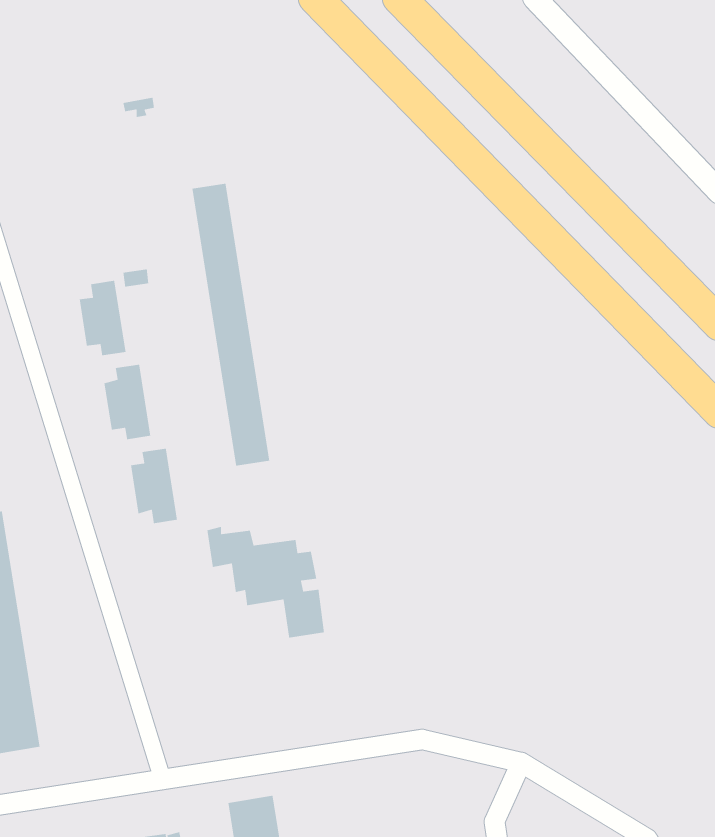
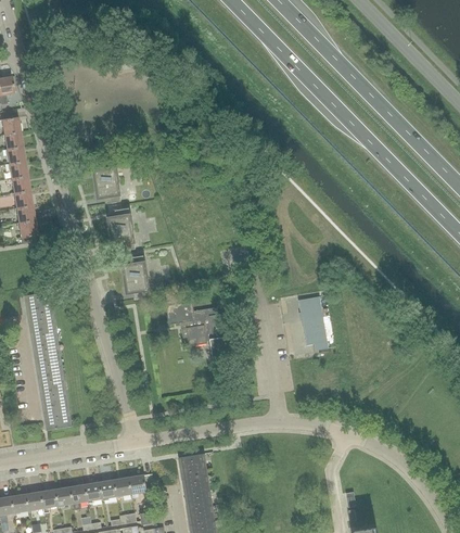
building: [191,183,270,466] -> none
building: none -> [297,296,328,351]

